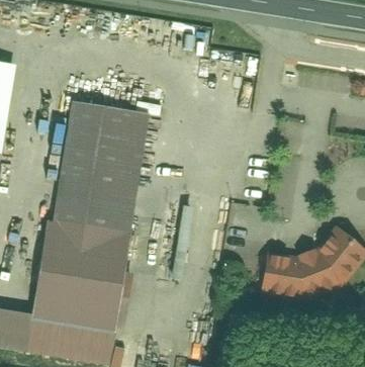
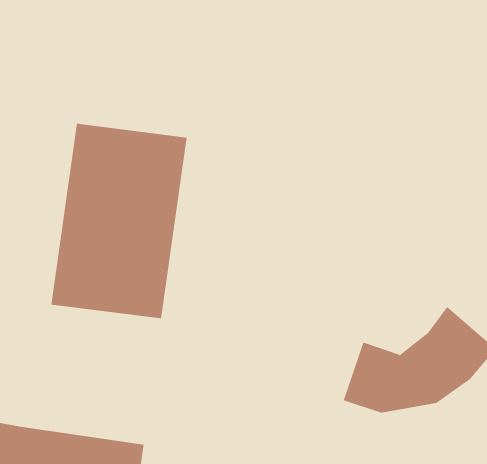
building: [31,226,132,327] -> none

